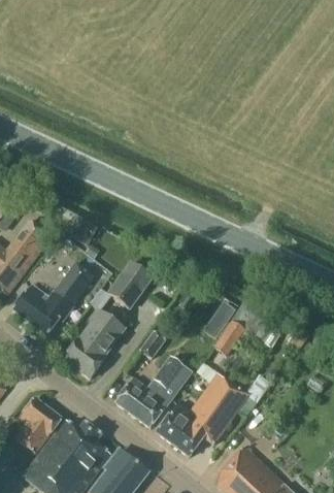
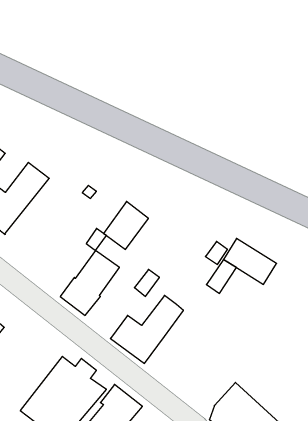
building: [12,261,94,334] -> none
building: [156,373,248,456] -> none
building: [16,398,61,453] -> none

